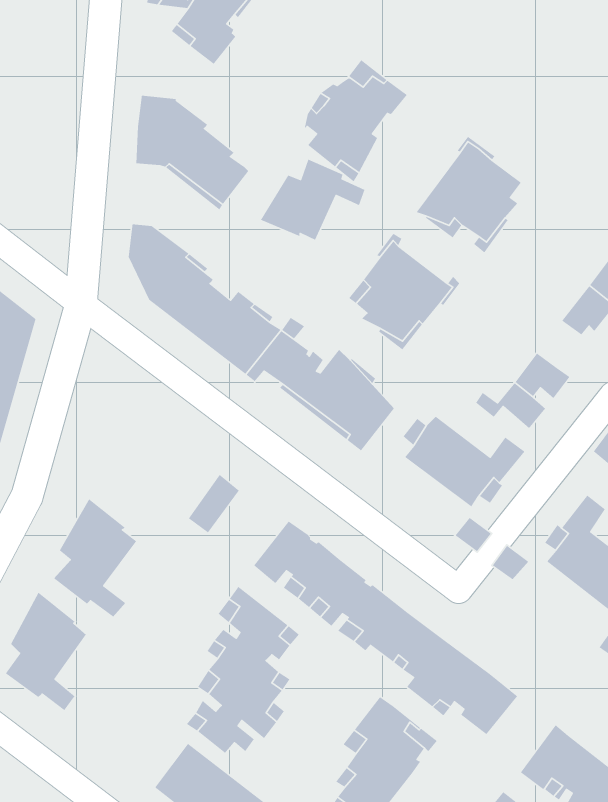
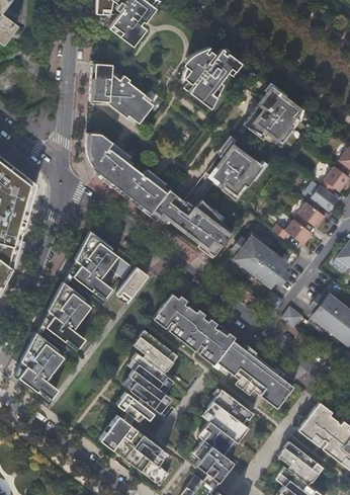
building: [260,158,366,241] -> none
building: none -> [308,185,339,211]
building: none -> [73,236,133,297]

